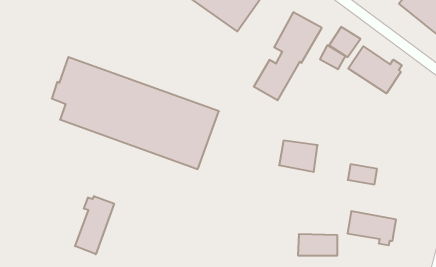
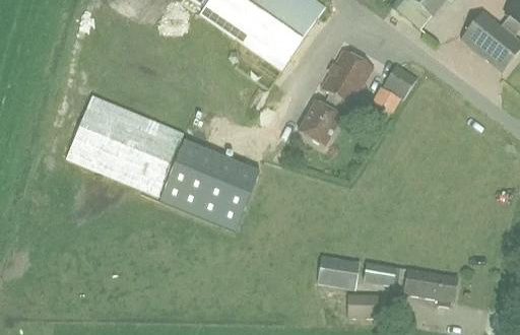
building: [348,46,402,93] -> none
building: [279,141,318,172] -> [316,256,359,290]
building: [348,164,377,184] -> [363,263,395,285]
building: [75,196,114,254] -> none

